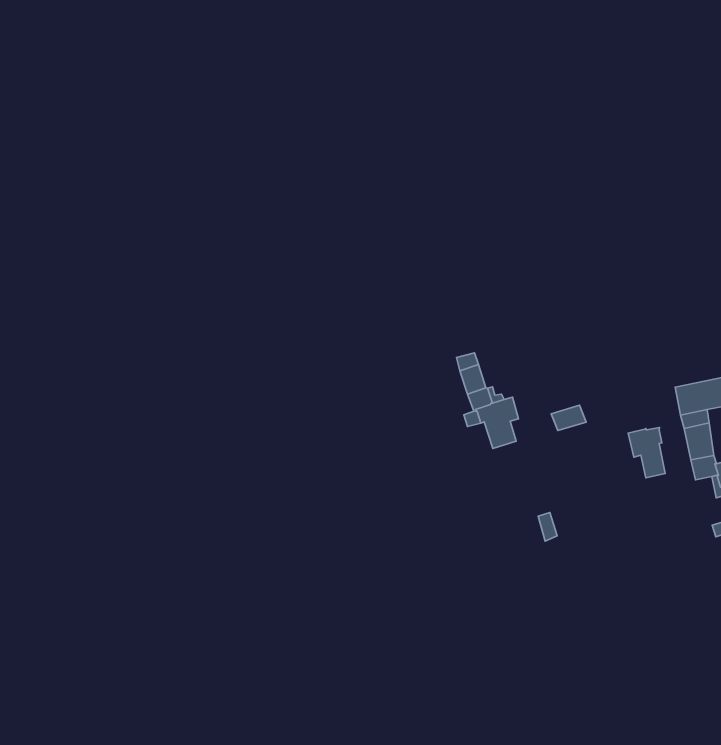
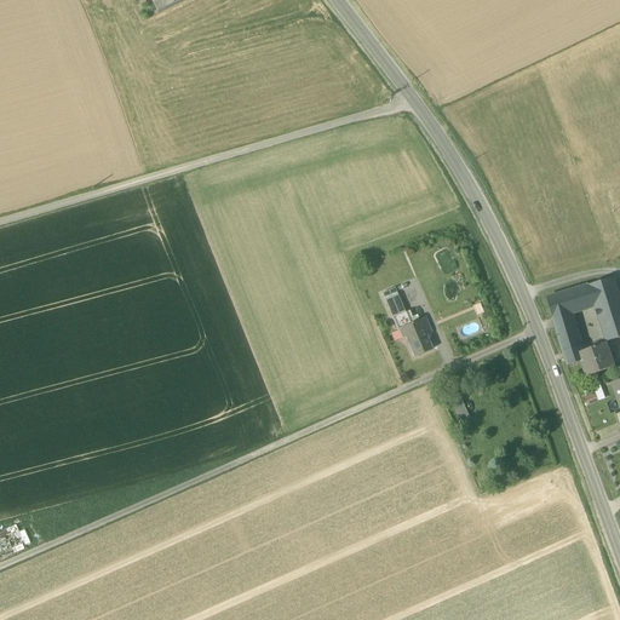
building: [628,427,665,478] -> none

